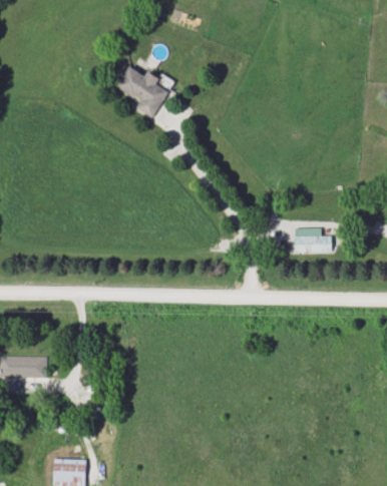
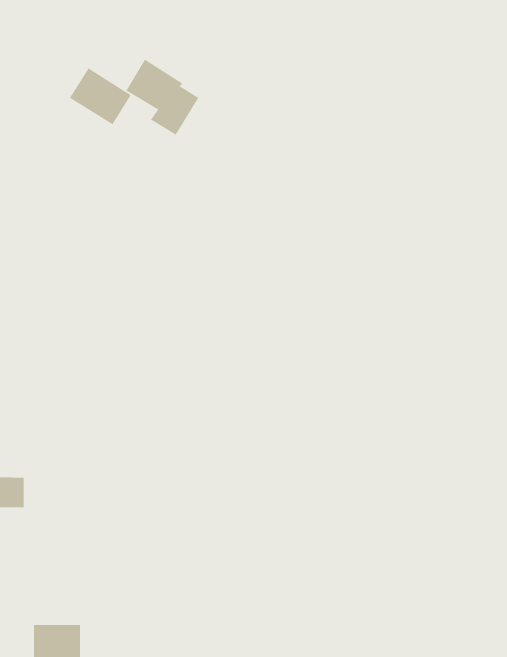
building: none -> [69,68,132,125]
building: [295,227,333,252] -> none

